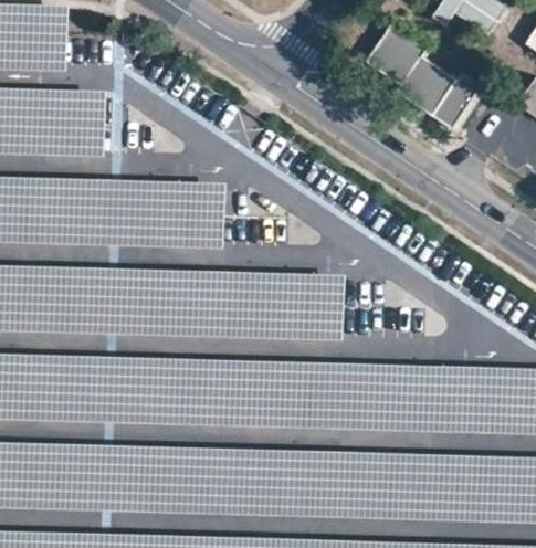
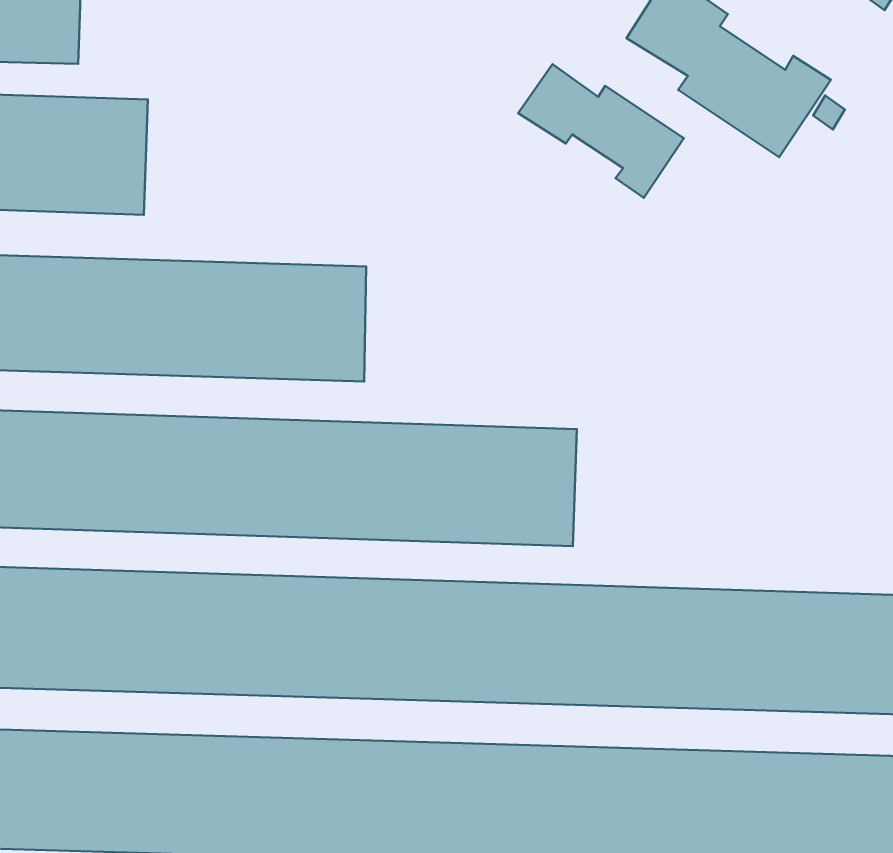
building: none -> [518,64,684,198]

